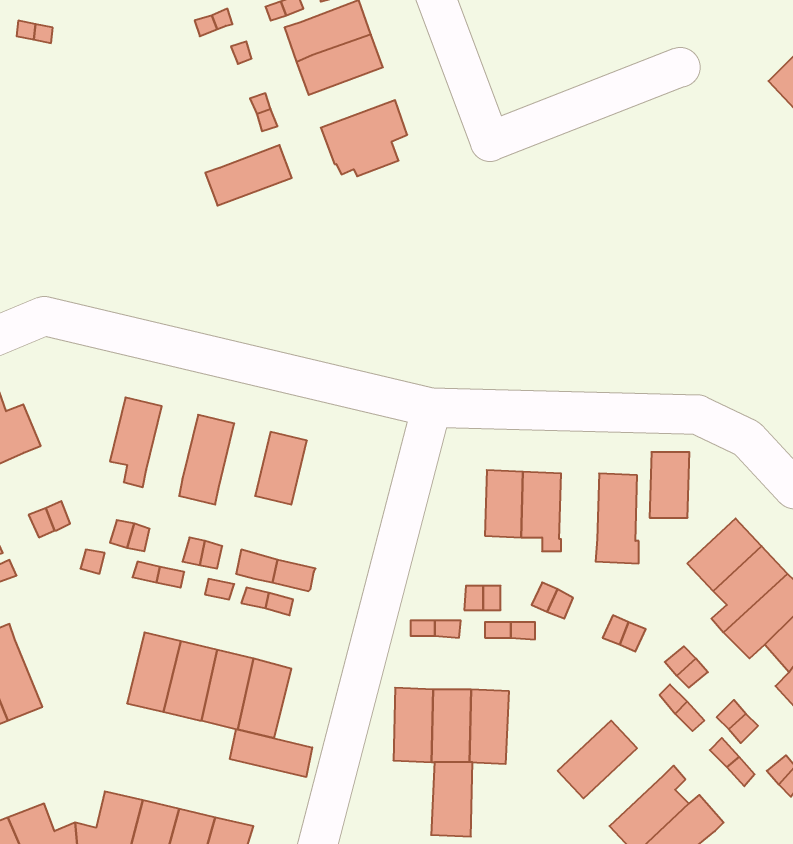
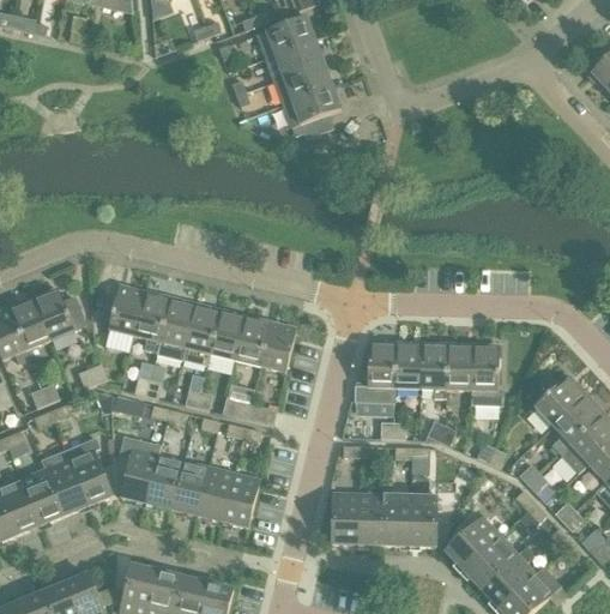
building: [205,145,292,206] -> [272,62,332,104]
building: none -> [109,285,145,336]
building: none -> [159,297,195,348]
building: none -> [210,309,246,360]
building: none -> [260,321,296,373]
building: [650,452,689,518] -> [446,344,473,390]
building: none -> [355,342,395,403]
building: none -> [119,435,161,504]
building: none -> [65,437,113,506]
building: [230,729,312,777] -> none
building: none -> [463,535,518,589]
building: [431,762,473,837] -> [409,495,437,547]

